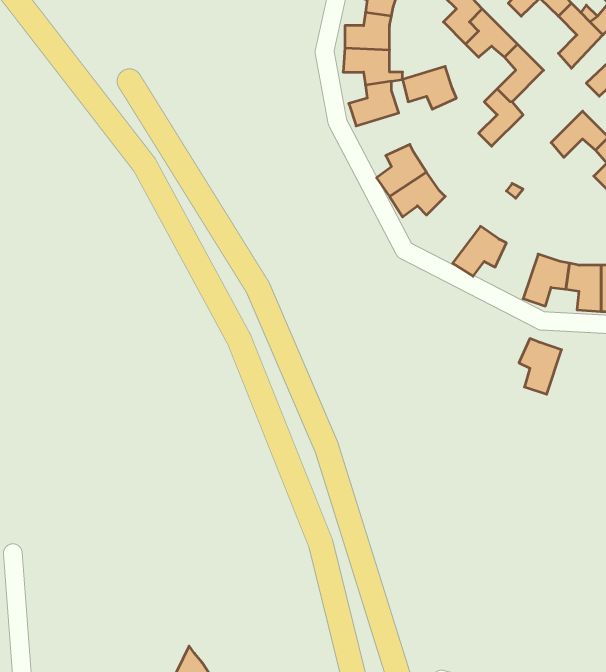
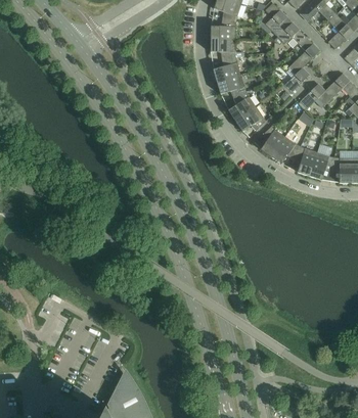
building: [403,66,456,109] -> [217,75,247,98]
building: none -> [300,84,331,109]
building: none -> [260,126,285,157]
building: [519,339,562,394] -> [294,146,317,177]

